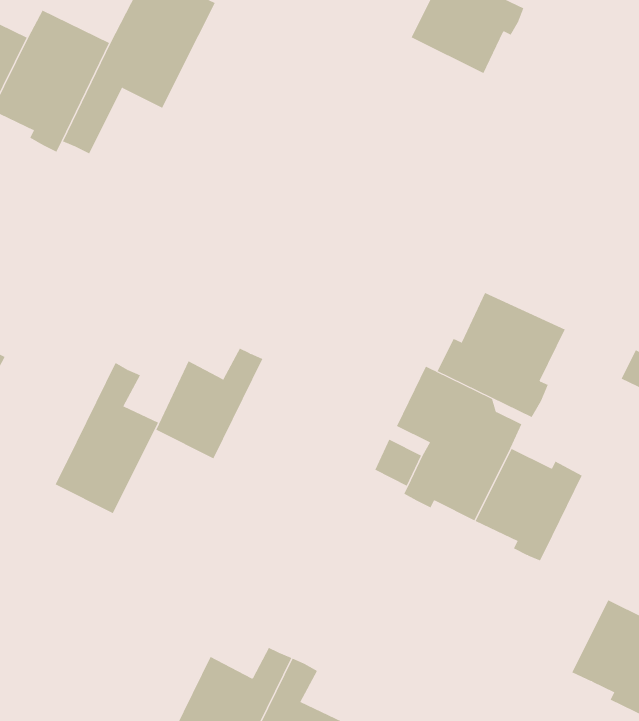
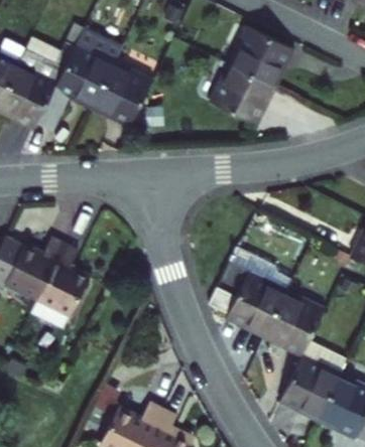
building: none -> [94,65,154,128]
building: none -> [208,66,271,126]
building: [437,292,565,418] -> none
building: [155,348,263,459] -> [8,240,68,301]
building: none -> [279,341,348,417]

